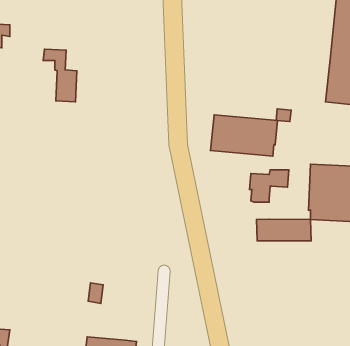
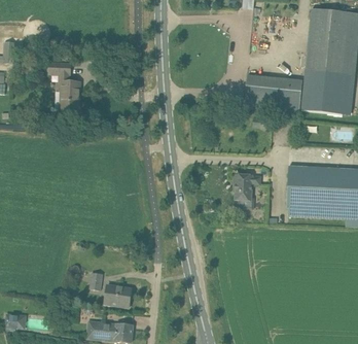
building: [211,115,277,156] -> [244,74,303,111]
building: [257,219,311,241] -> none
building: none -> [105,283,132,306]

